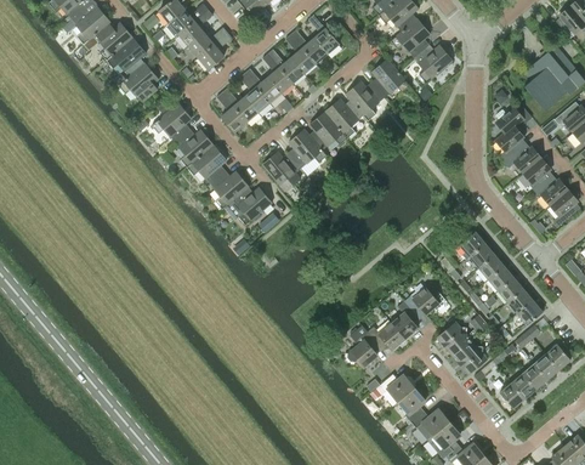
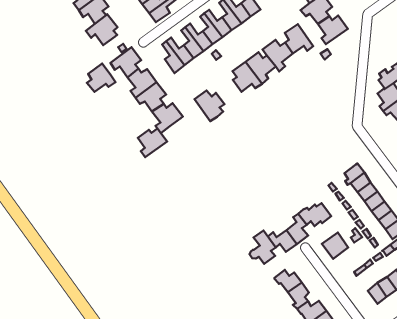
building: none -> [87,63,116,92]
building: [288,129,326,168] -> none
building: [233,187,271,225] -> [138,129,167,157]
building: [453,340,487,374] -> none

